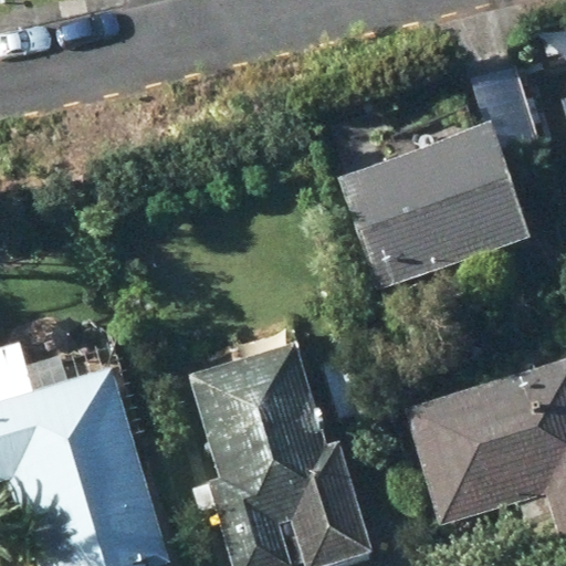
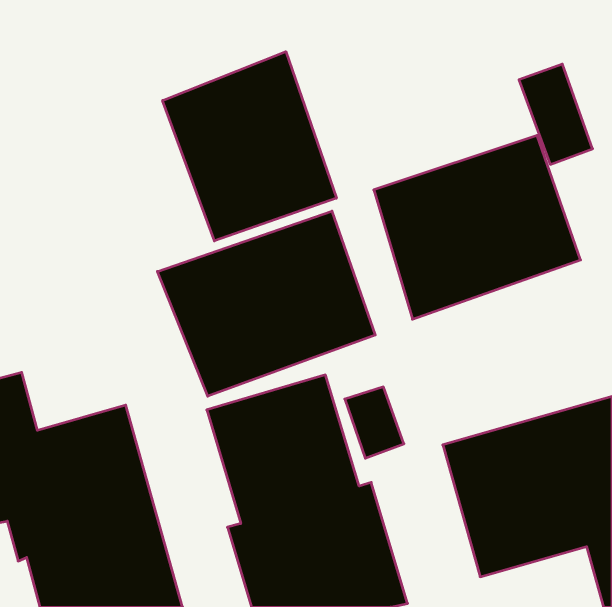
building: none -> [163,52,336,241]
building: none -> [157,211,375,396]

